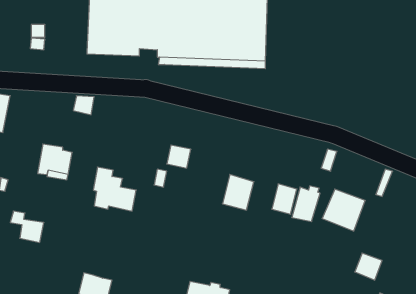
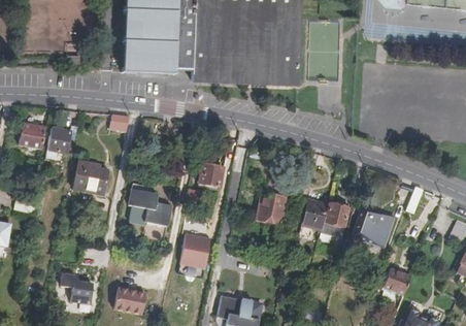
building: none -> [44,122,69,158]
building: [10,211,44,242] -> [61,270,94,301]
building: none -> [180,232,211,266]

